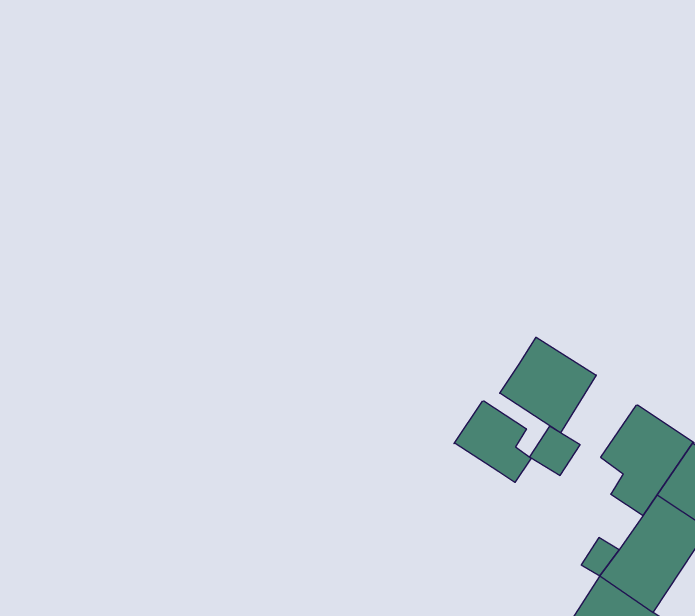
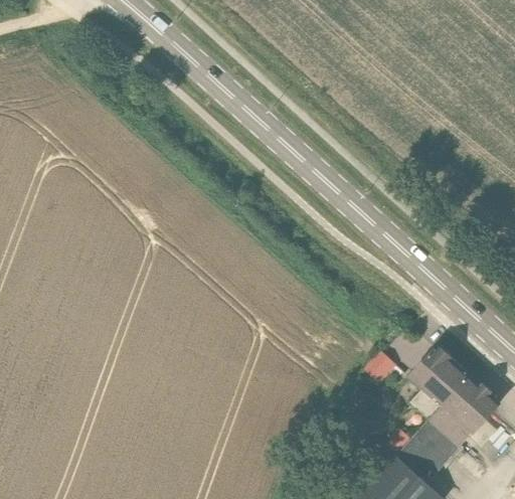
building: [500,337,596,433] -> none
building: [454,401,531,482] -> none

